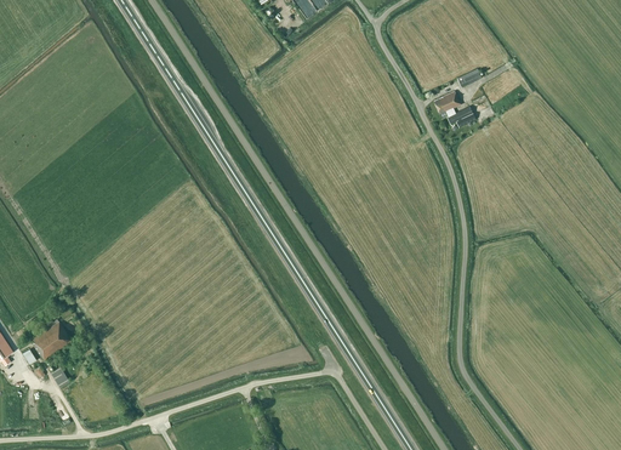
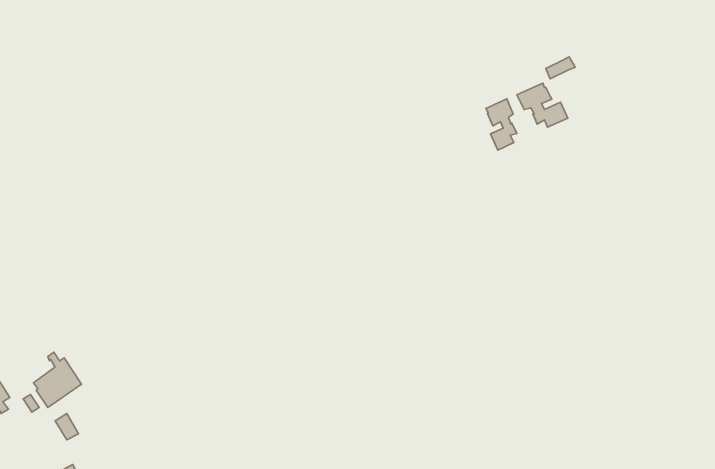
building: none -> [486,99,517,150]

